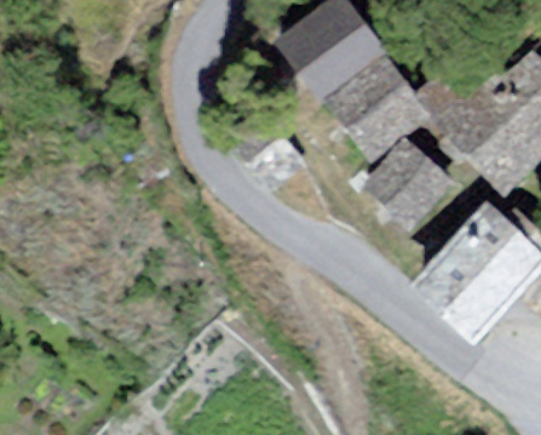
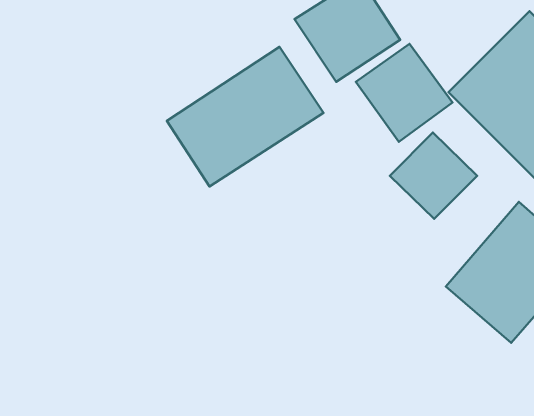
building: none -> [167,47,323,187]

